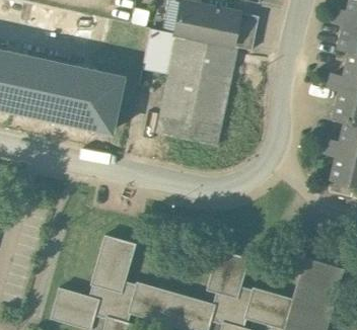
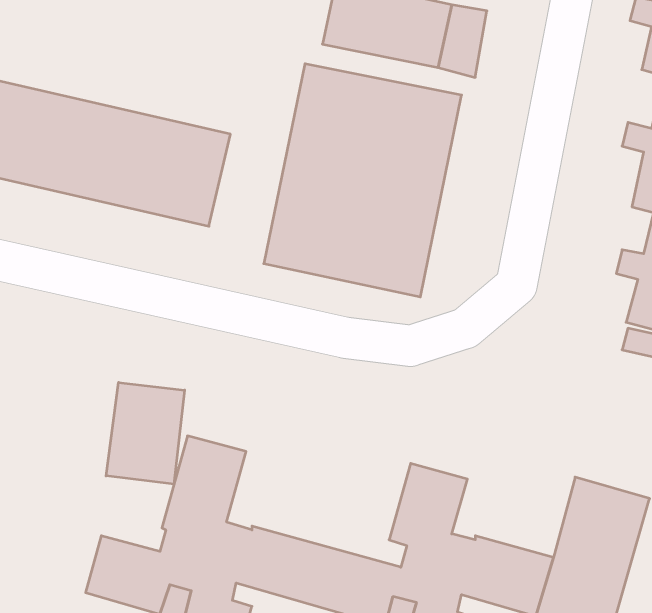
building: none -> [106,382,185,484]

